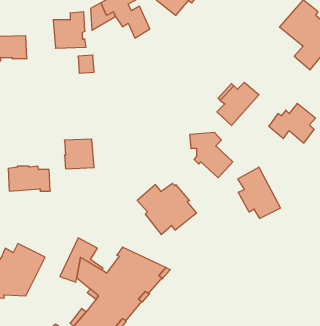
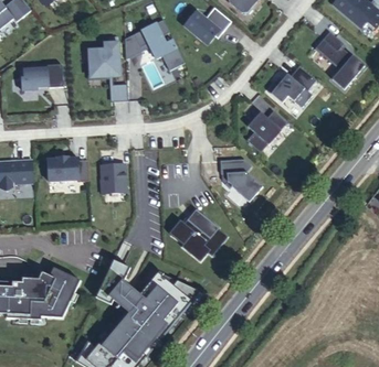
building: [269,103,315,143] -> [272,66,317,105]
building: [8,166,50,191] -> [48,156,88,181]
building: [238,167,281,218] -> none

